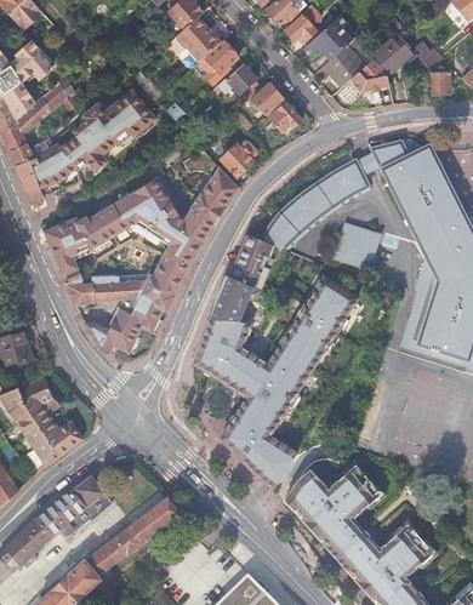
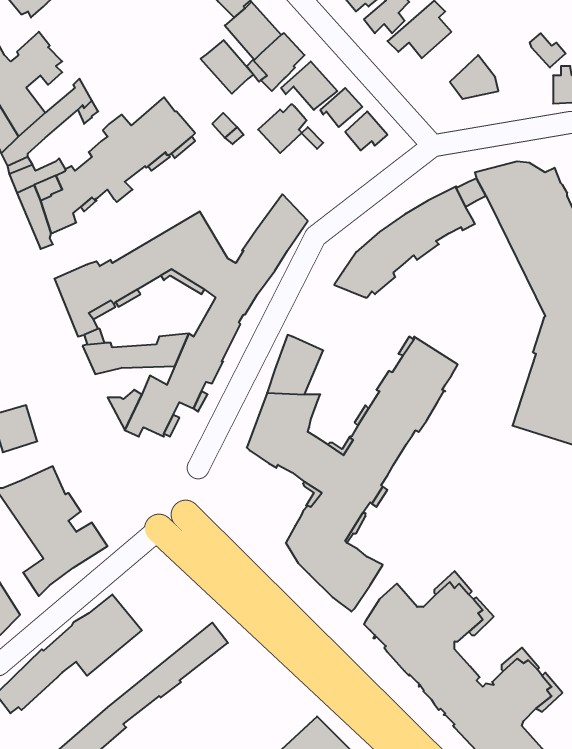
building: [371,32,414,73] -> none
building: [323,36,361,84] -> none
building: none -> [201,40,254,94]
building: [220,138,257,176] -> [258,105,307,153]
building: [332,223,378,268] -> none
building: [228,230,273,286] -> none

